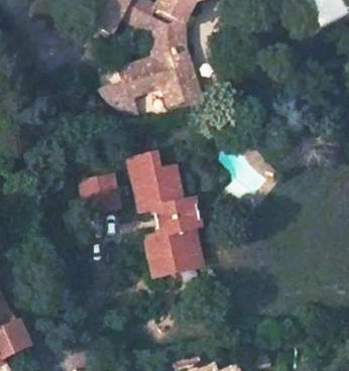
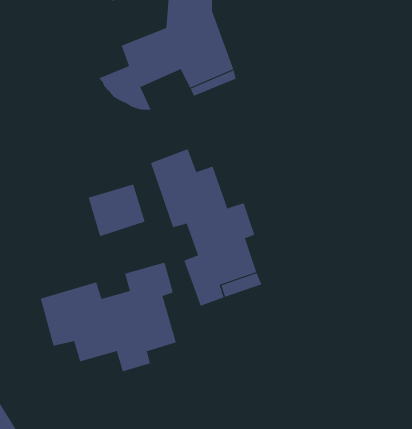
building: none -> [40,262,177,372]

